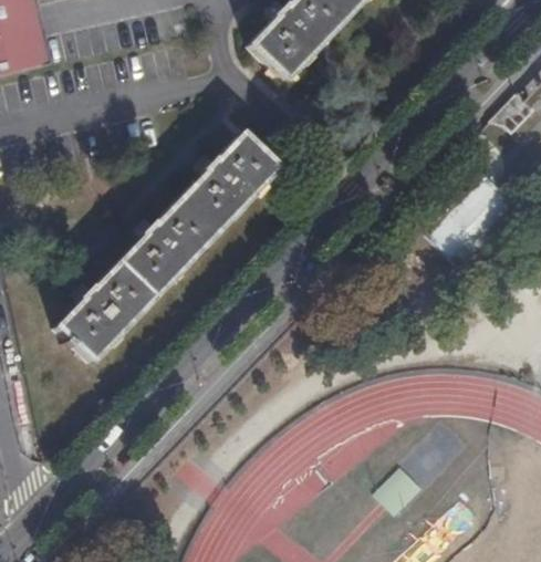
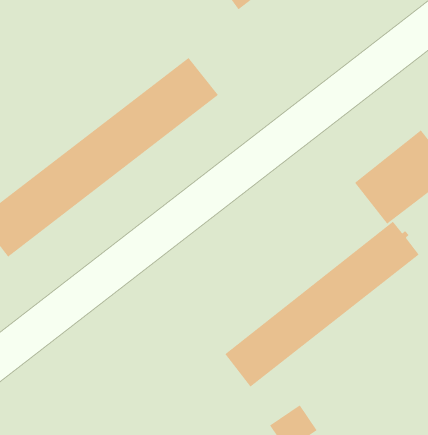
building: none -> [224,221,420,388]

